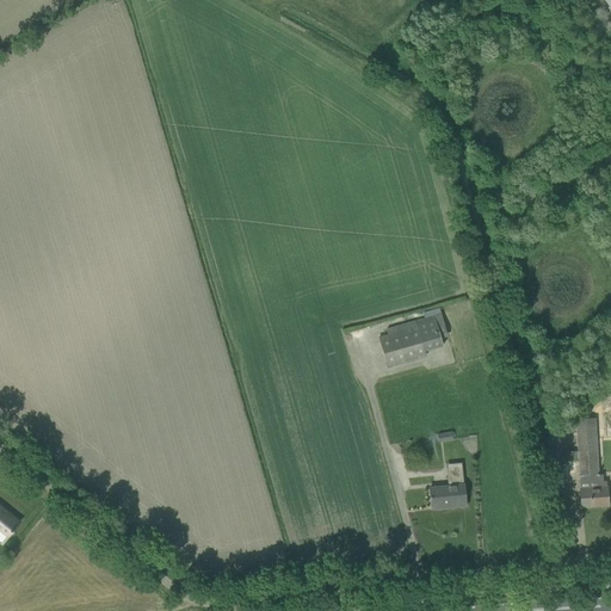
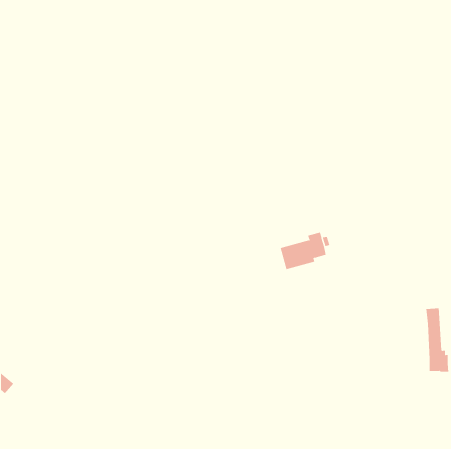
building: [428,464,465,506] -> none

